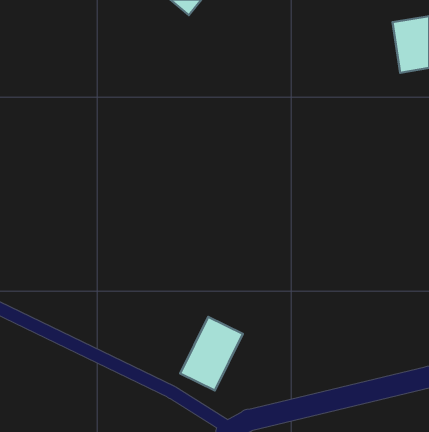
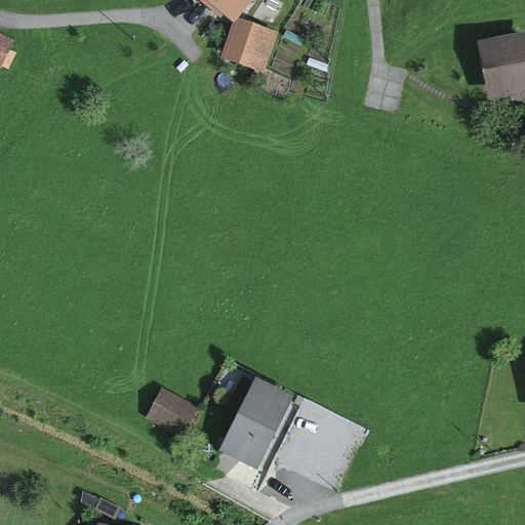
building: none -> [239,24,275,66]
building: none -> [148,392,191,433]

